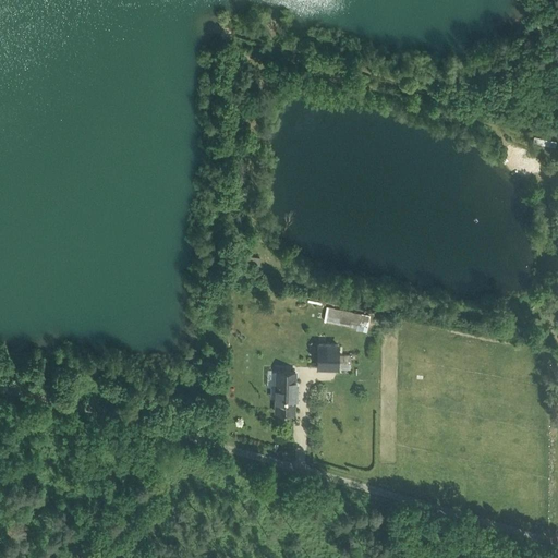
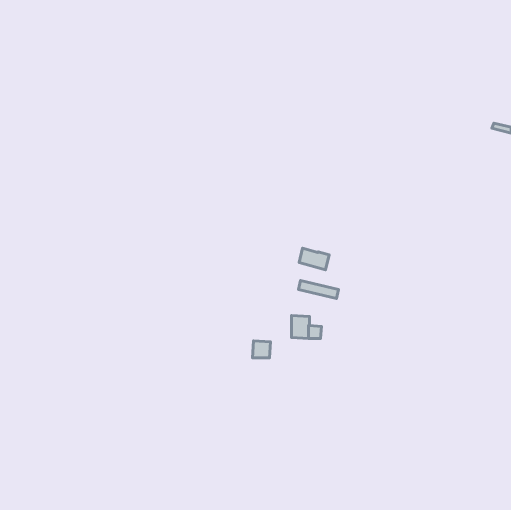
building: none -> [299,248,329,270]
building: [275,391,293,415] -> none

